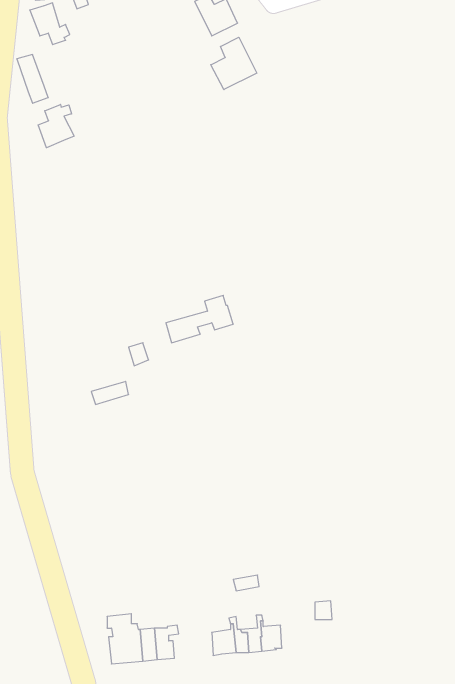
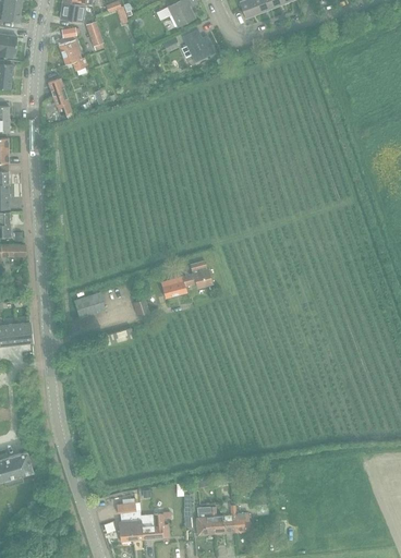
building: [211,37,257,90] -> none
building: [38,104,74,148] -> none
building: none -> [74,292,105,317]

